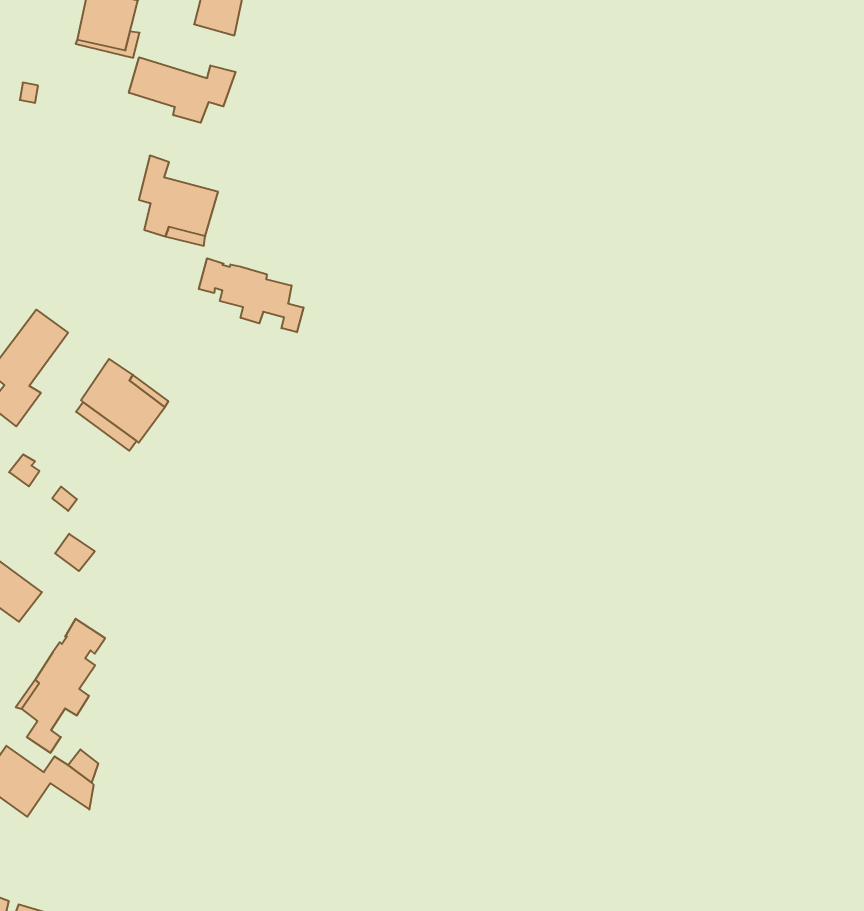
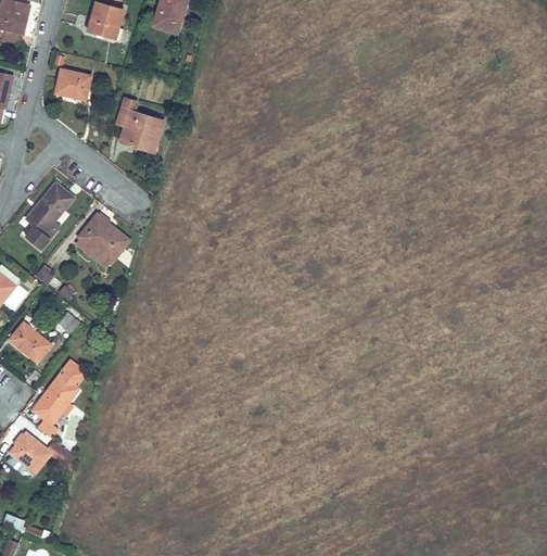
building: [129,57,236,123] -> none
building: none -> [54,68,90,98]
building: [199,258,304,332] -> none

